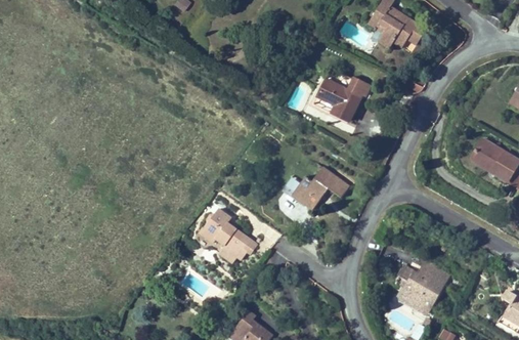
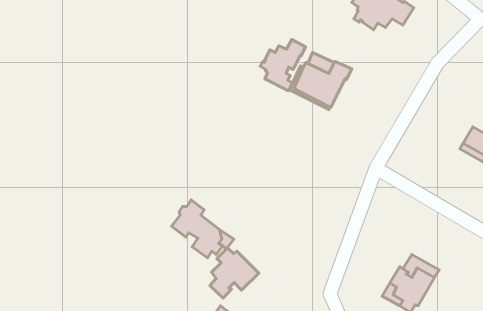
building: none -> [260,40,306,91]
building: [292,166,347,209] -> none
building: none -> [210,248,259,298]

